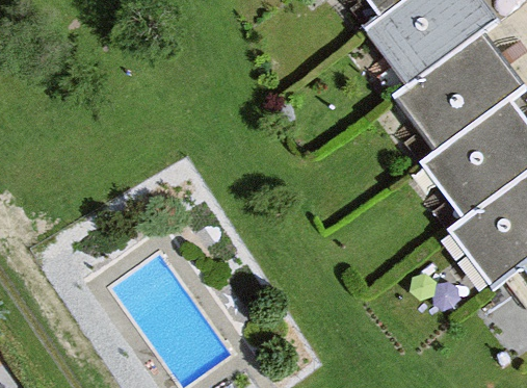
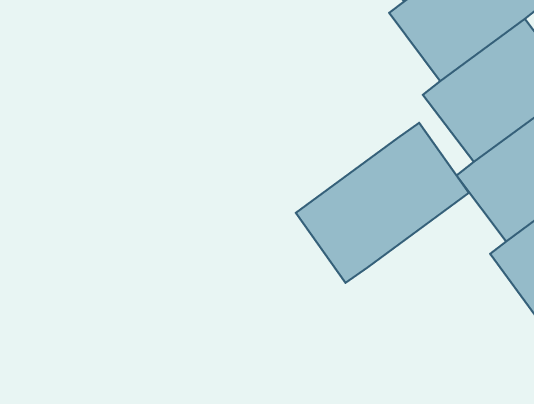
building: none -> [296,123,469,283]

